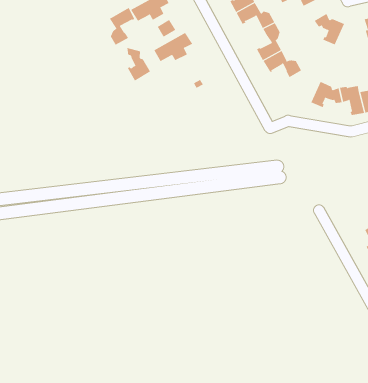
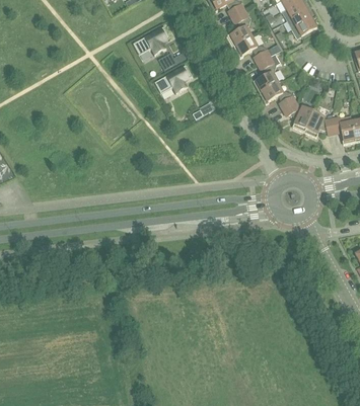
building: [109,7,135,45] -> none
building: [314,13,345,45] -> [284,100,313,131]
building: [127,47,151,82] -> none

